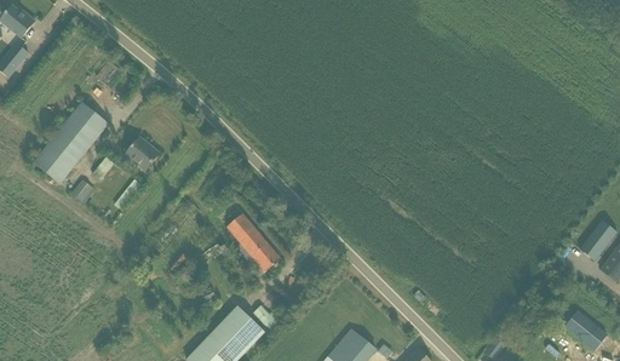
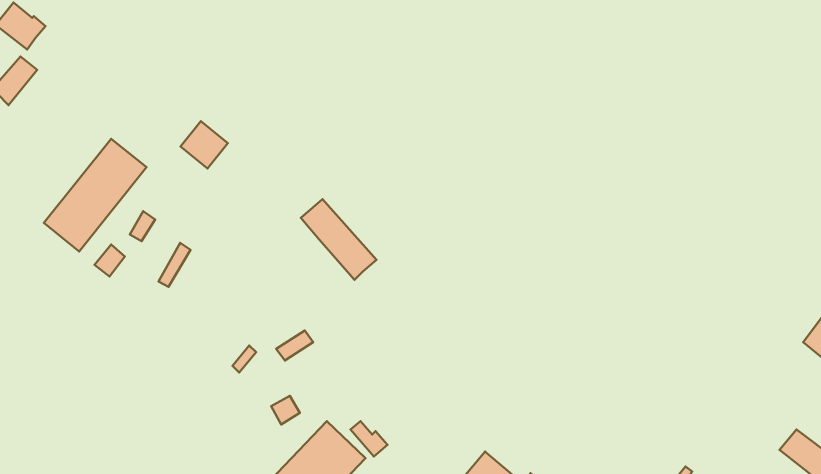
building: [125,134,159,168] -> [181,121,228,168]
building: [226,213,281,271] -> [301,199,376,280]

